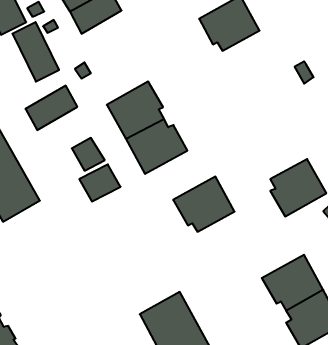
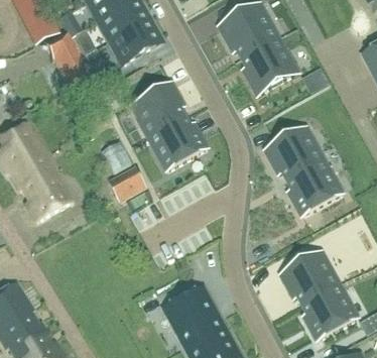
building: none -> [243,36,297,91]
building: [25,86,77,130] -> [109,17,158,59]
building: [173,177,235,232] -> [265,125,324,177]

